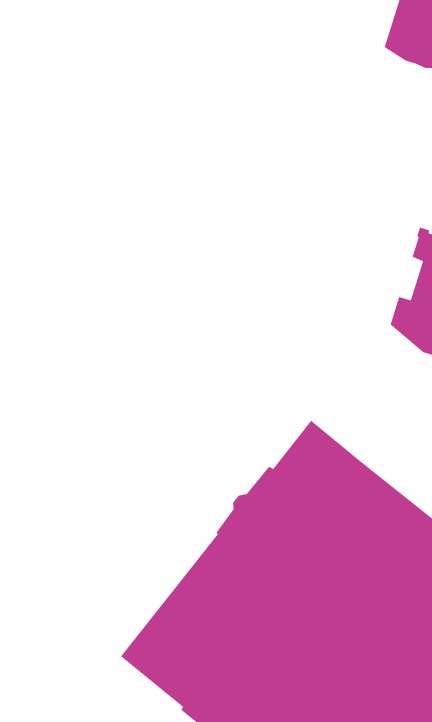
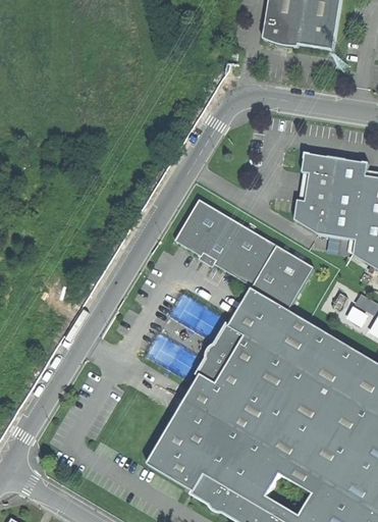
building: none -> [174,199,312,311]

